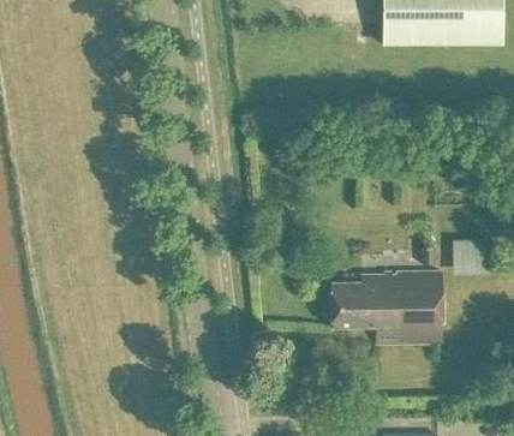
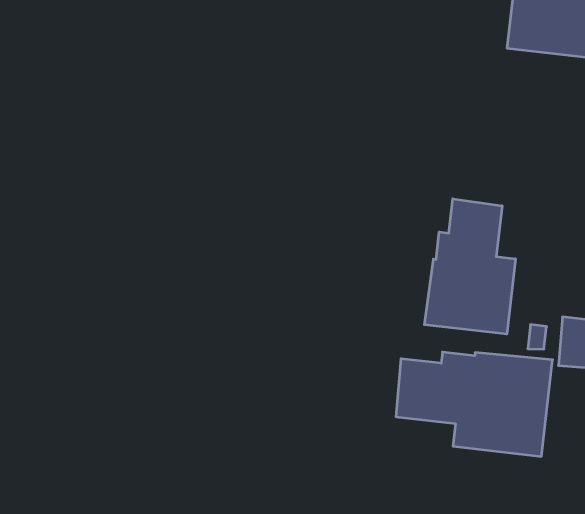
building: none -> [424,199,515,334]

